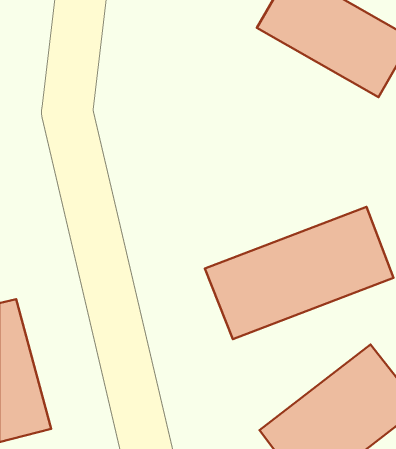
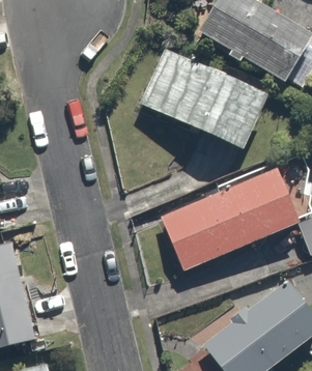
building: none -> [142,47,268,149]

